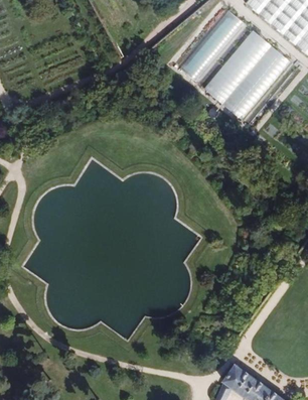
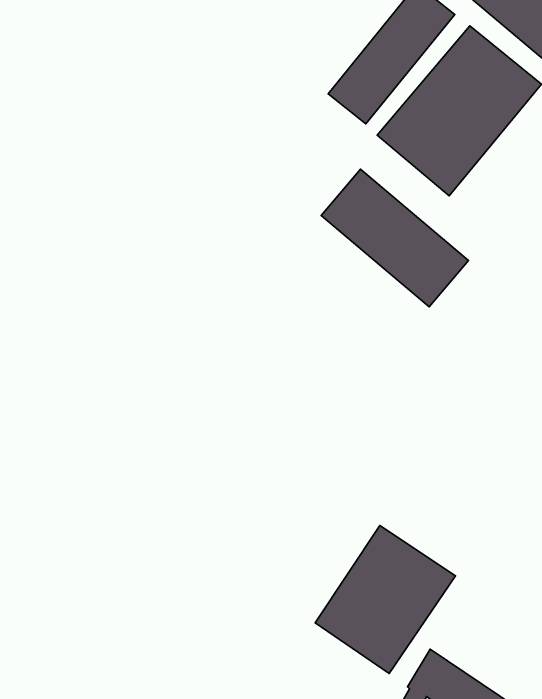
building: none -> [321,169,469,307]
building: none -> [315,525,455,674]

